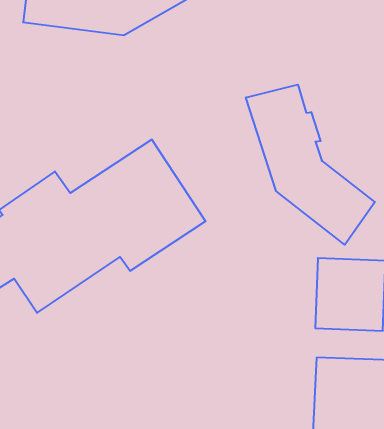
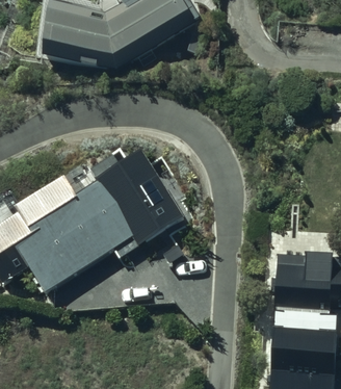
building: [246,85,375,245] -> none

